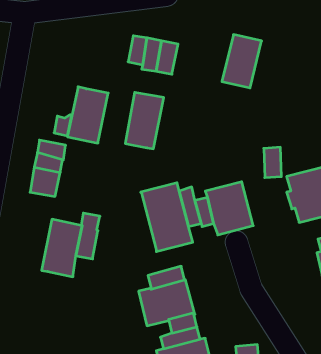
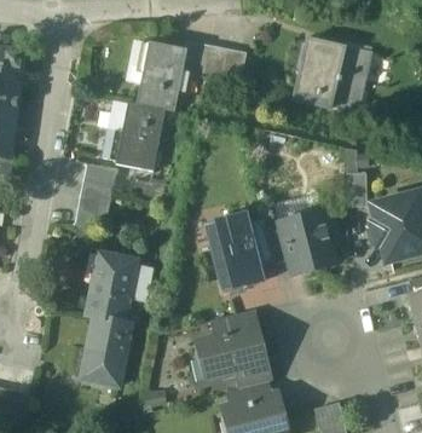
building: none -> [330,45,371,111]
building: [125,92,164,149] -> [140,45,185,110]
building: none -> [83,316,131,381]

